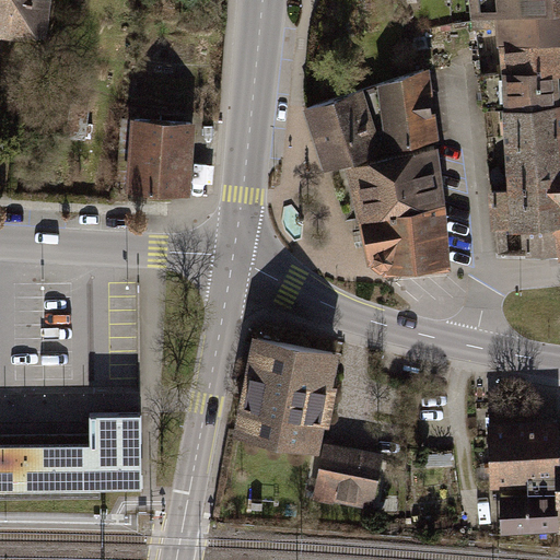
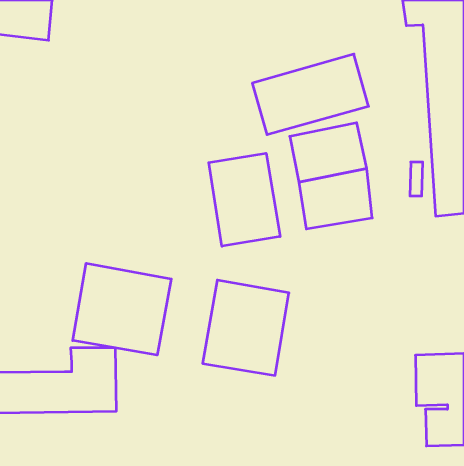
building: [131,122,198,199] -> none
building: none -> [209,153,280,246]
building: none -> [73,263,171,355]
building: [319,446,393,515] -> none

